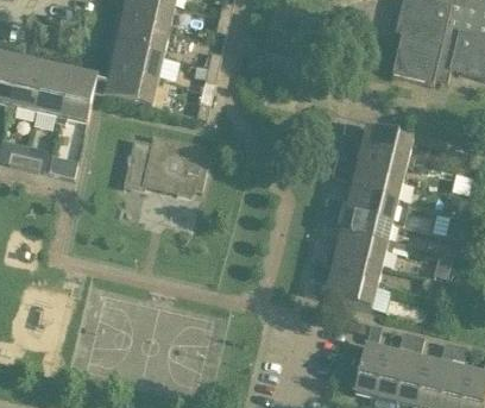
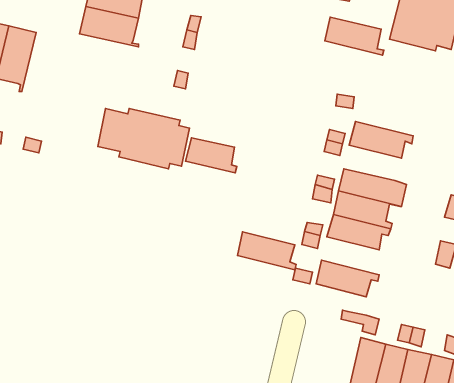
building: [57,67,96,123] -> none
building: [103,68,163,105] -> none
building: [360,126,414,161] -> [325,17,384,55]
building: none -> [186,138,237,173]
building: [349,169,402,201] -> none
building: [329,252,383,287] -> [237,232,296,270]

